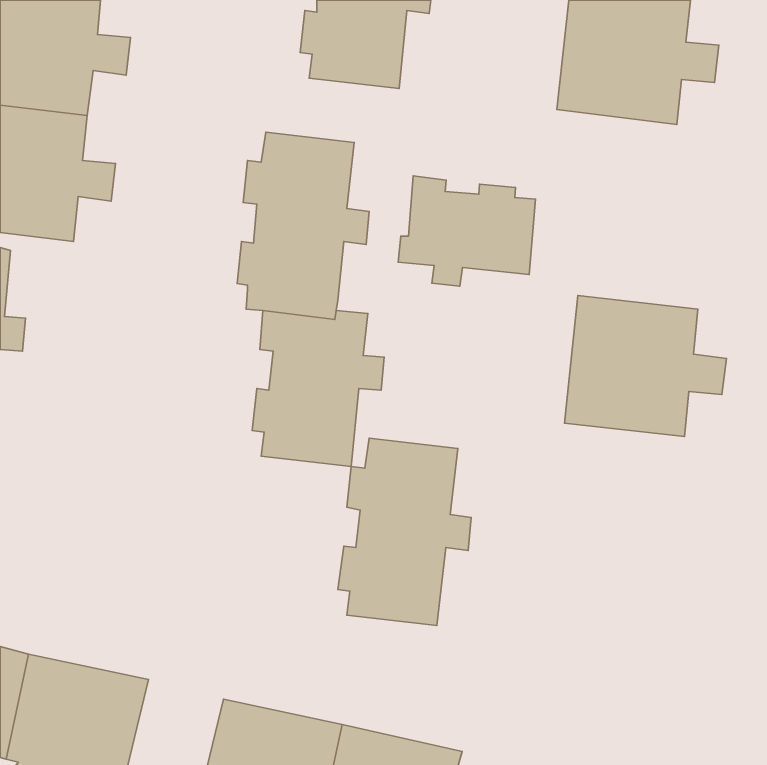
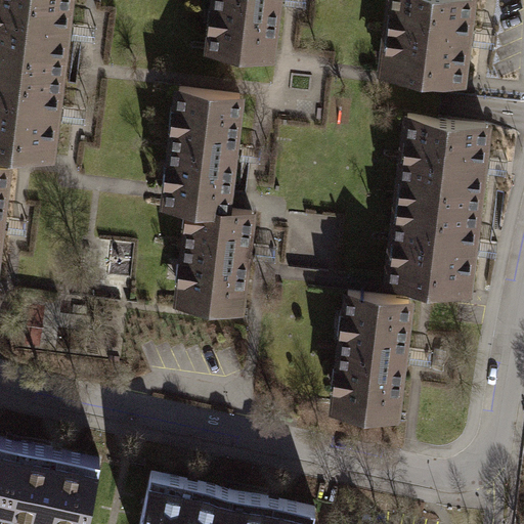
building: none -> [394,117,506,212]
building: [398,176,535,286] -> none
building: [338,438,471,626] -> [326,296,418,424]

